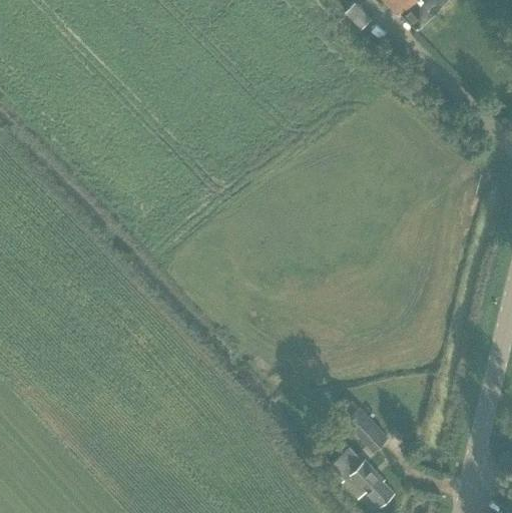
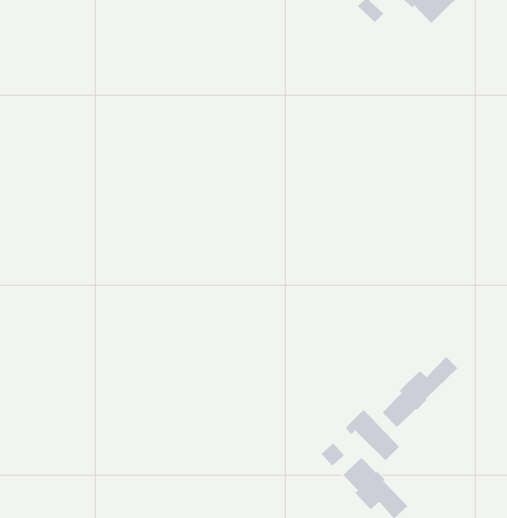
building: none -> [382,356,458,428]

